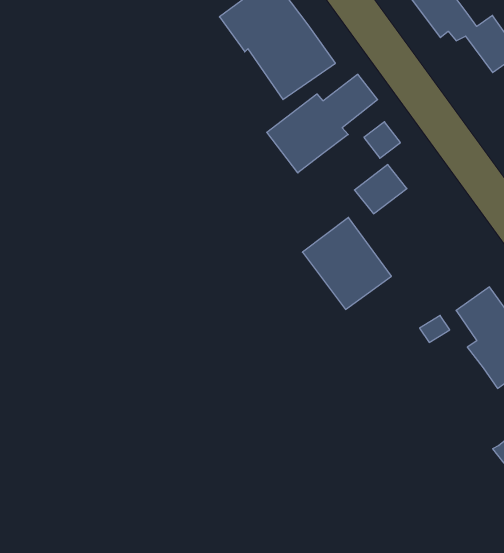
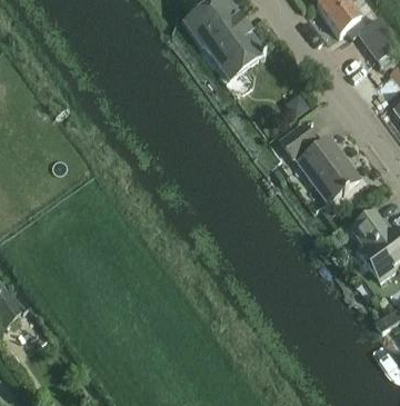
building: [267,74,378,173] -> none
building: [302,217,391,309] -> [297,136,359,200]

